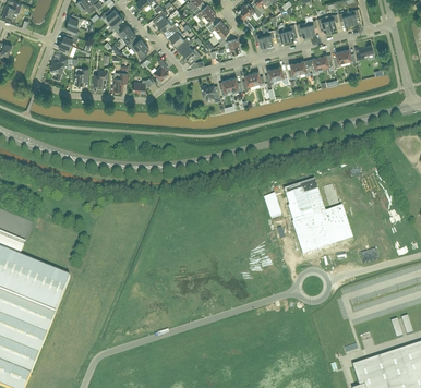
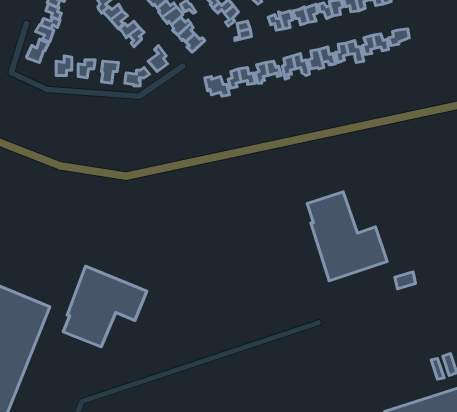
building: none -> [63,266,147,347]

